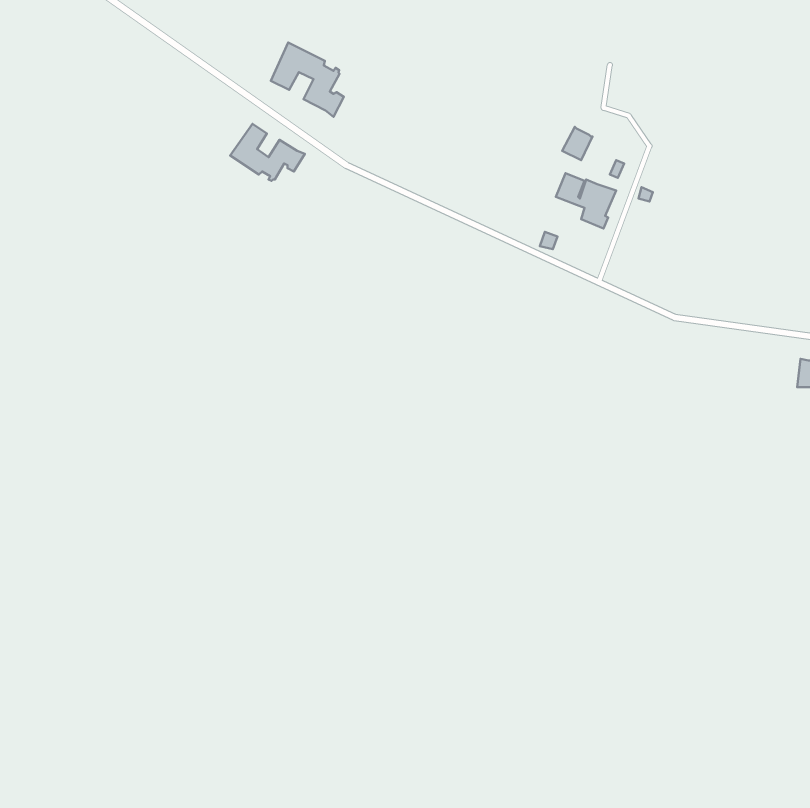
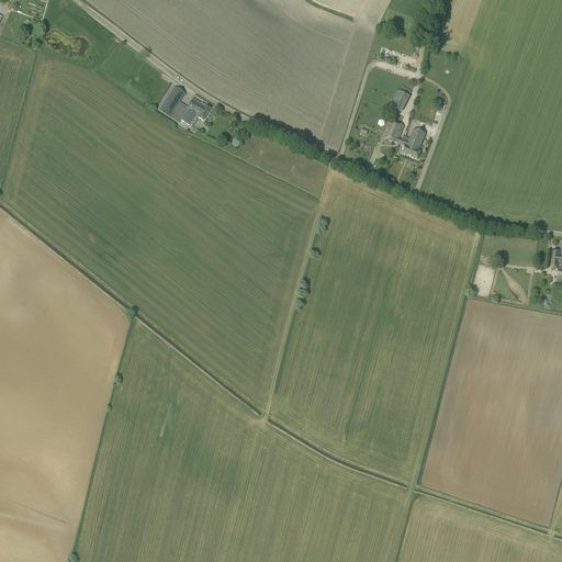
building: [271,42,344,117] -> none

